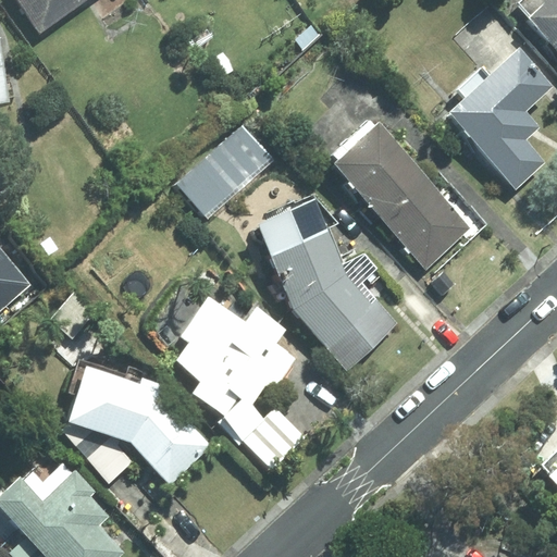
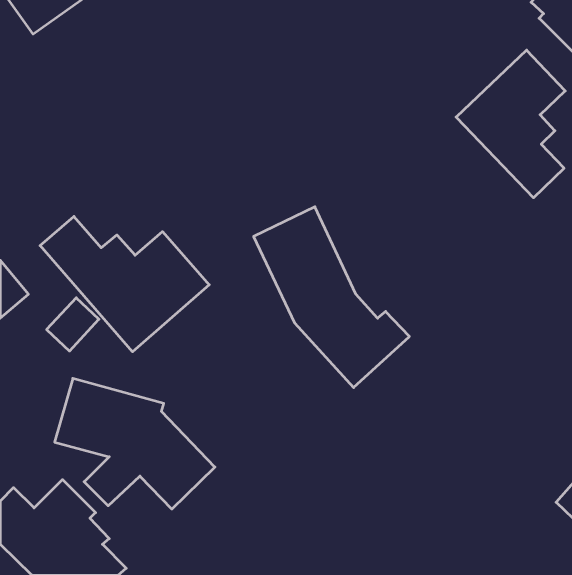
building: [329,116,474,270] -> none
building: [176,123,276,218] -> none
building: none -> [40,216,209,352]
building: [172,294,305,467] -> none

